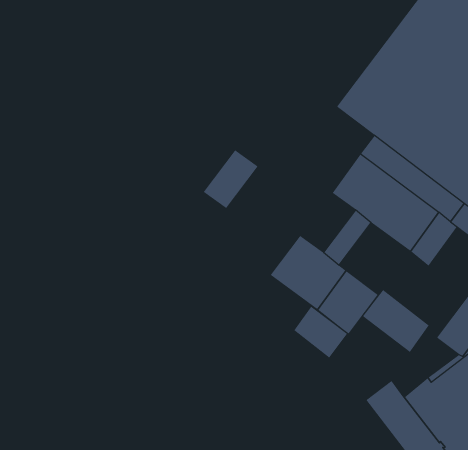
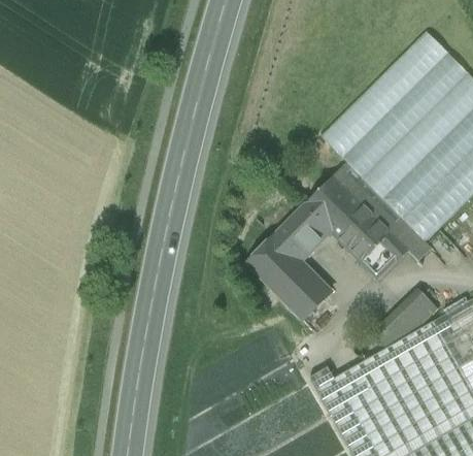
building: [203,150,259,209] -> [274,206,323,254]
building: [362,289,430,353] -> none
building: [294,306,348,358] -> none

